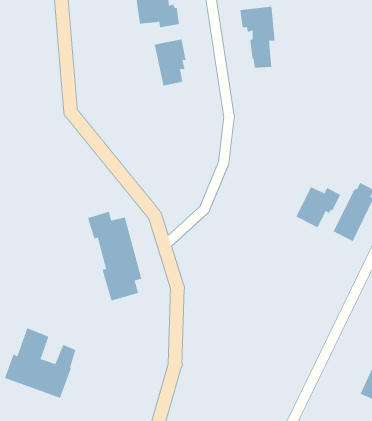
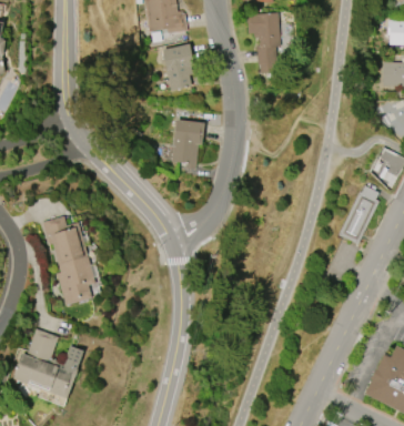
building: none -> [170,120,203,170]
building: [296,186,341,228] -> none
building: [87,211,142,301] -> [41,216,95,305]

